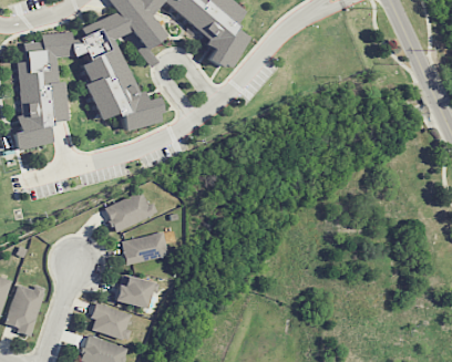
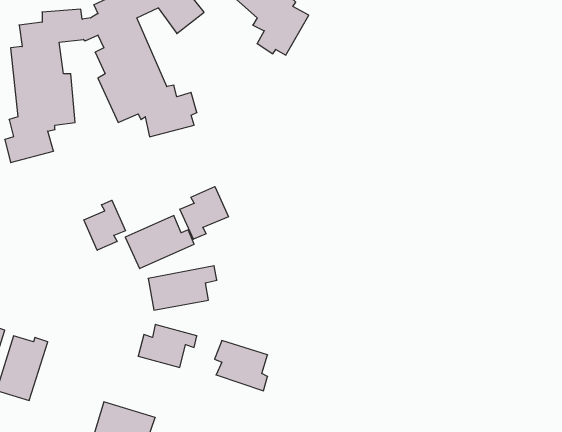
building: none -> [180,187,228,239]
building: none -> [84,200,126,250]
building: [91,303,132,342] -> [215,341,268,391]

